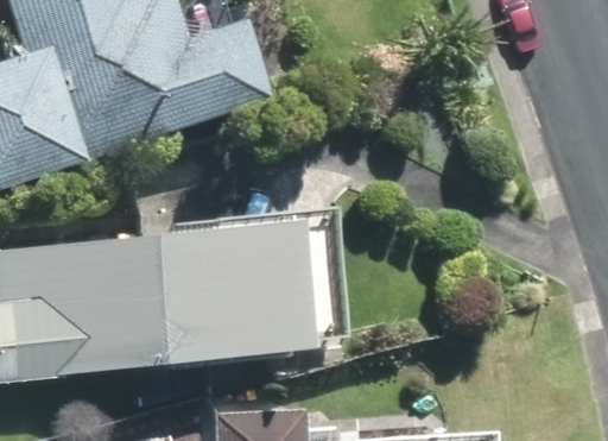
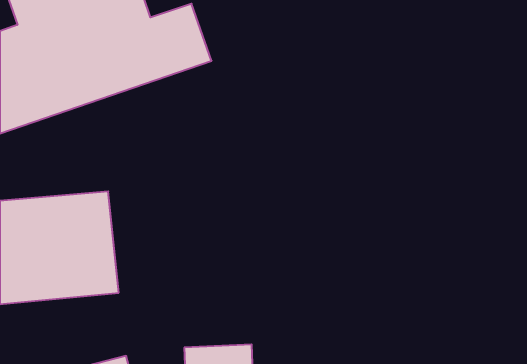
building: [152,240,296,351] -> none

